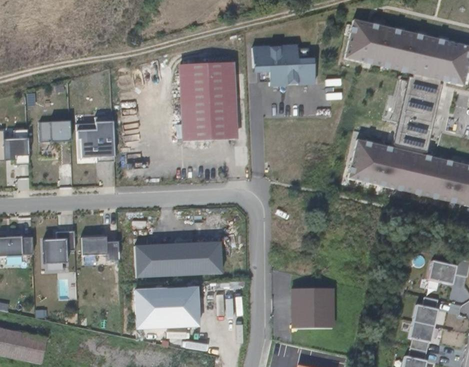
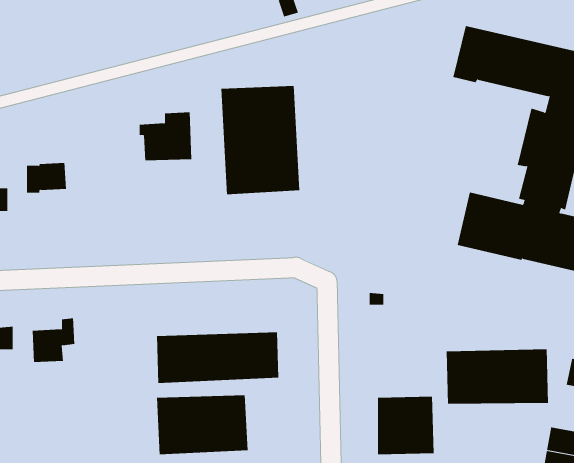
building: [252,42,315,85] -> none
building: [77,120,115,155] -> [139,112,192,161]
building: [81,235,107,255] -> none
building: none -> [446,348,549,404]

